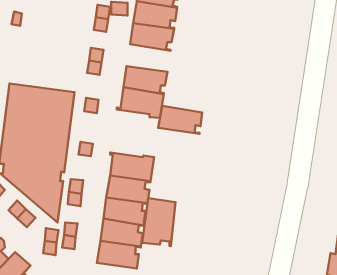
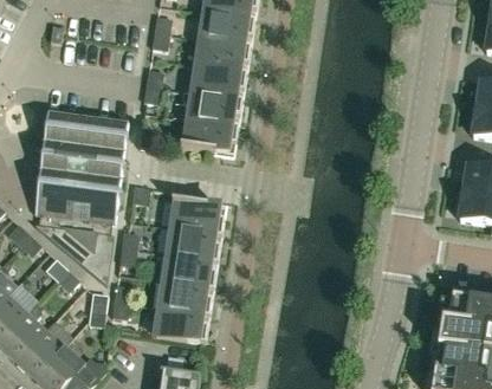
building: [158,106,202,134] -> [192,63,246,97]
building: [142,198,175,246] -> none

